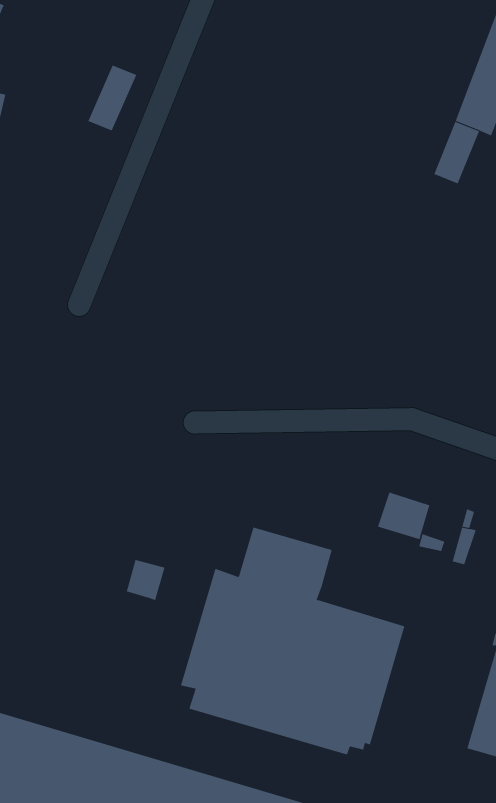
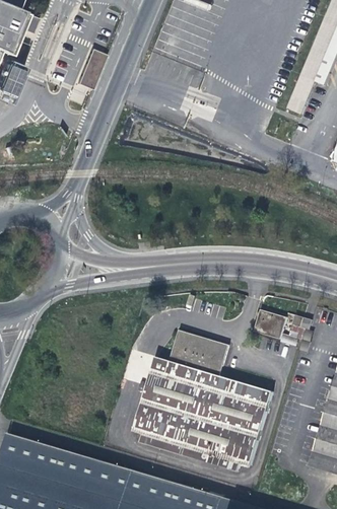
building: [126,559,165,601] -> none

